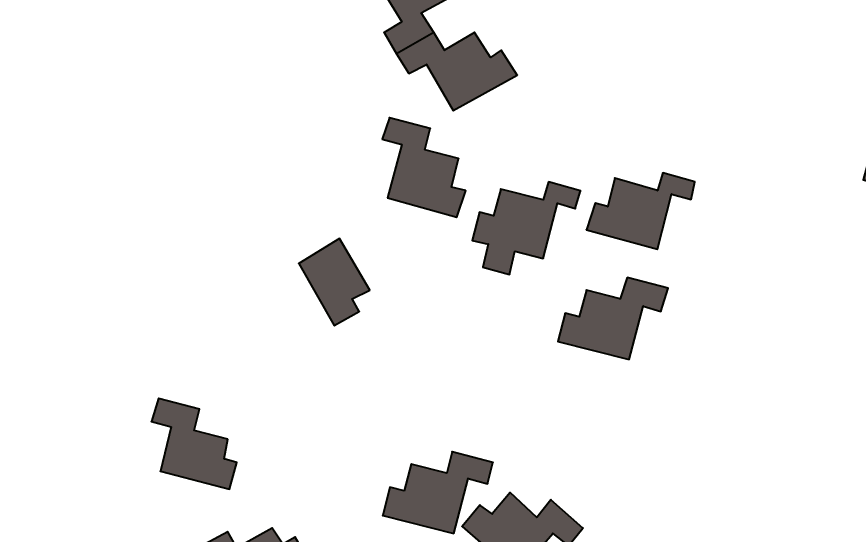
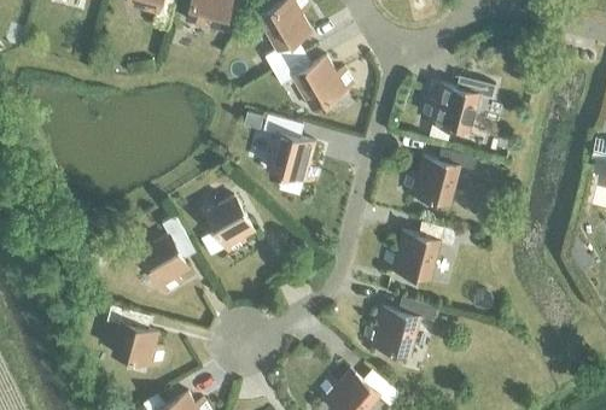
building: [472,182,581,274] -> [421,80,495,142]
building: none -> [141,217,196,294]
building: [383,452,493,533] -> [362,299,437,355]

